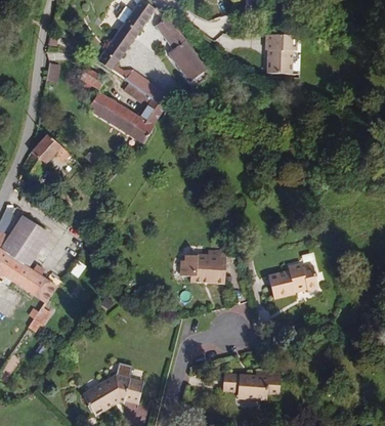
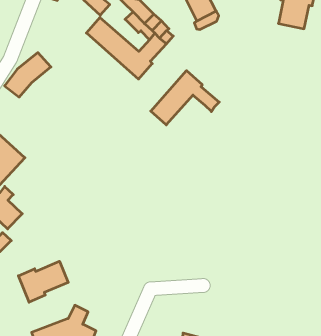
building: none -> [151,71,219,125]
building: [180,250,226,284] -> none
building: [268,263,318,298] -> none
building: none -> [18,261,68,302]

